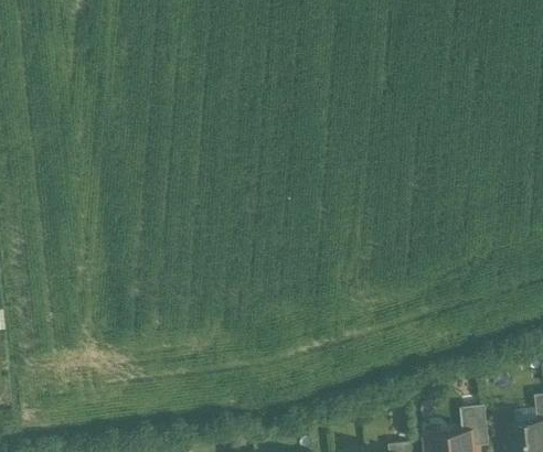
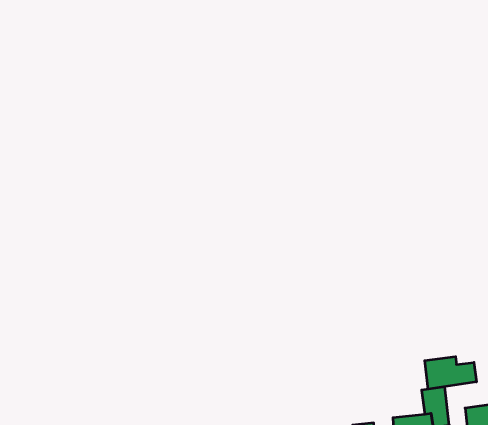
building: none -> [425,357,476,389]

